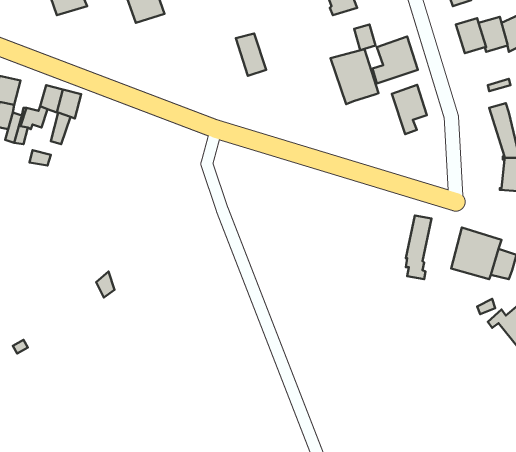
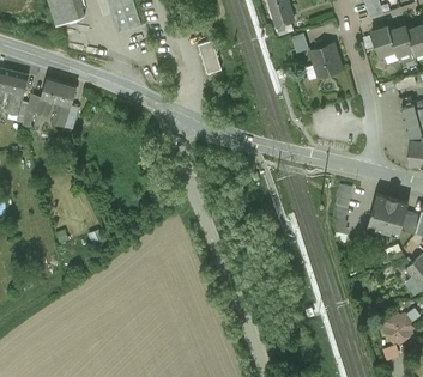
building: [331,49,379,104] -> none
building: [392,85,427,134] -> none
building: none -> [382,312,412,343]

